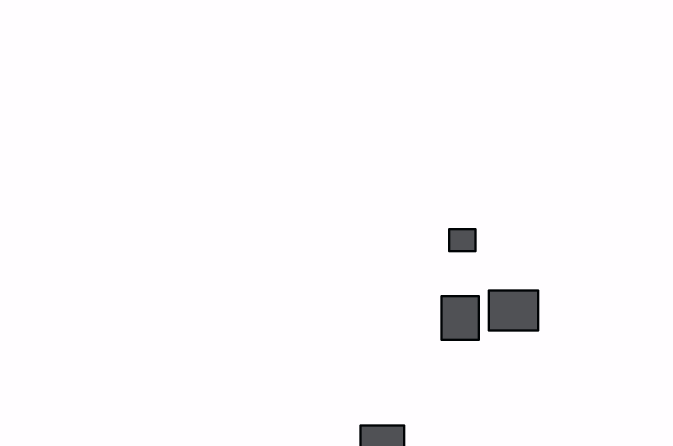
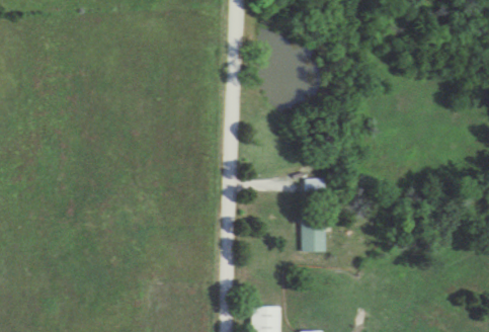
building: [489,290,538,331] -> none

